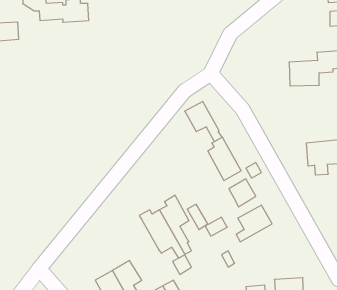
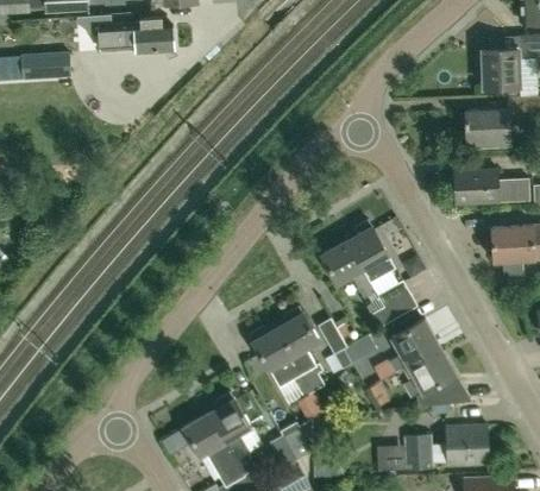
building: none -> [482,49,519,88]
building: [185,101,222,141] -> [320,240,375,298]
building: none -> [453,170,529,204]
building: none -> [394,346,458,408]

